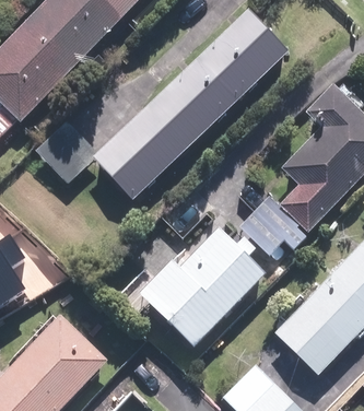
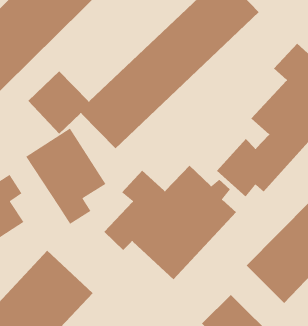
building: none -> [25,128,106,225]

